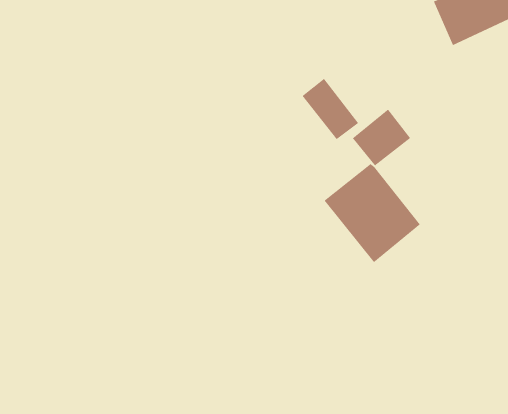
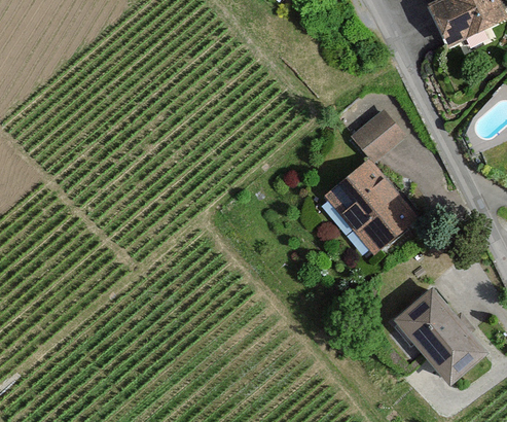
building: [302,78,359,140] -> none
building: none -> [391,287,485,387]

